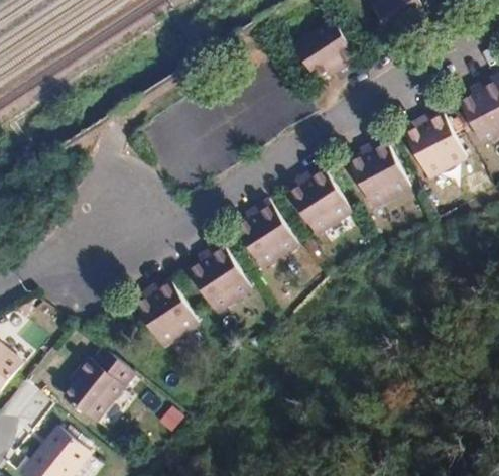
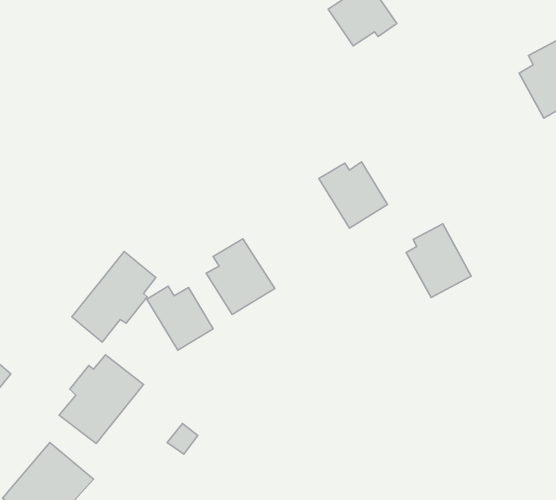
building: [405,121,467,178] -> none
building: [348,146,403,209] -> [406,224,471,297]
building: [242,208,296,270] -> none
building: none -> [72,251,156,342]

